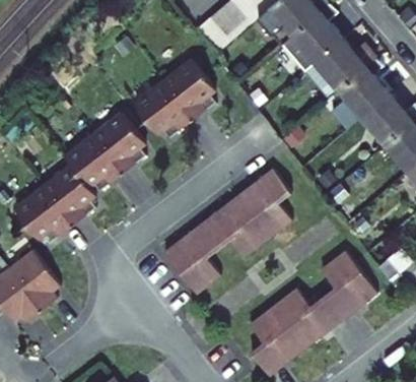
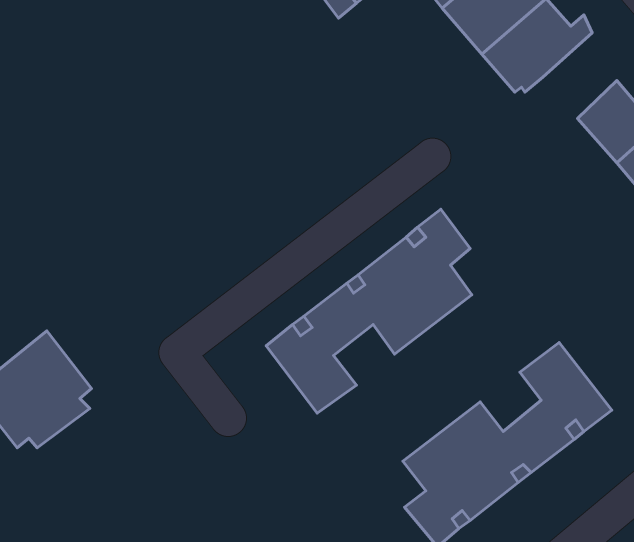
building: [335,59,380,112] -> none
building: [133,60,214,138] -> none
building: [15,115,145,245] -> none

